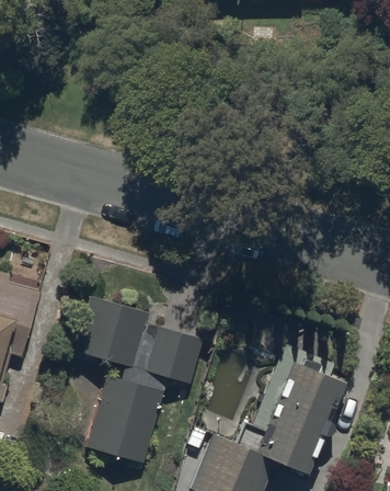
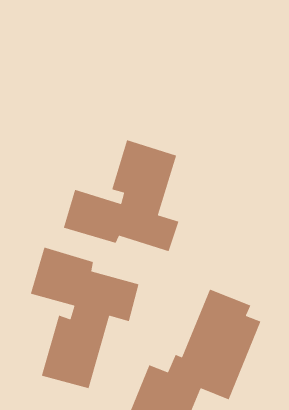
building: none -> [63,139,179,252]

